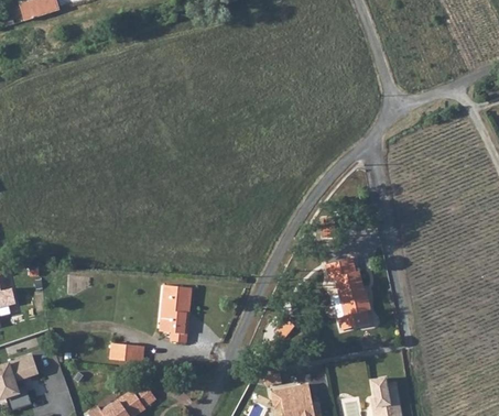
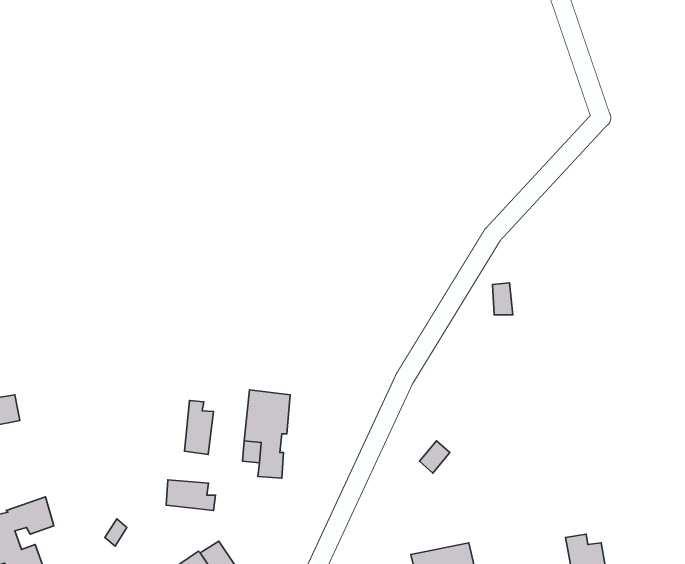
building: [325,258,370,330] -> none
building: none -> [185,401,213,455]

